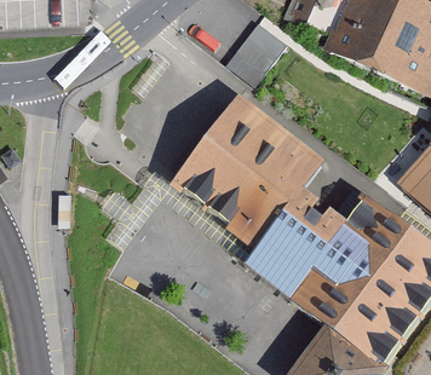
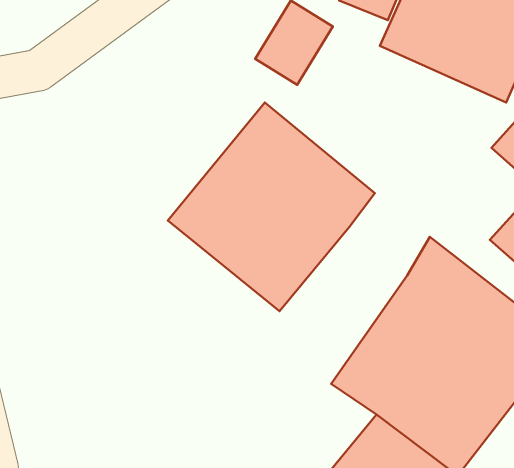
building: [237,185,344,302] -> none

